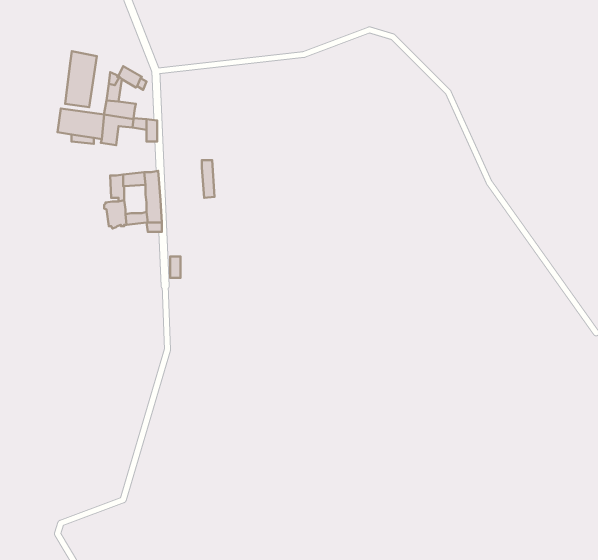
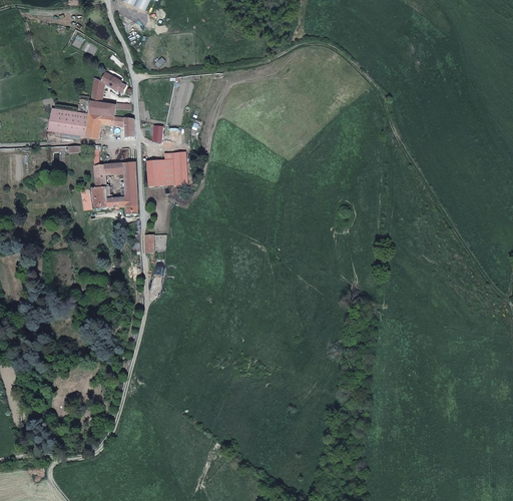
building: [65,51,97,107] -> none
building: none -> [146,158,174,186]

